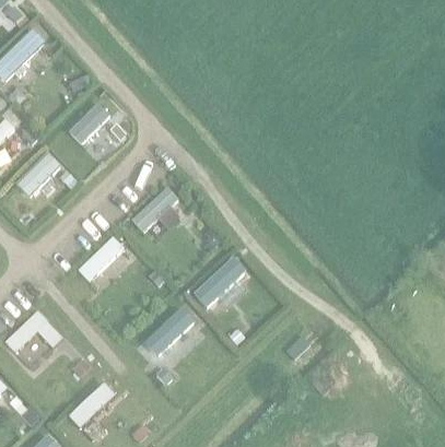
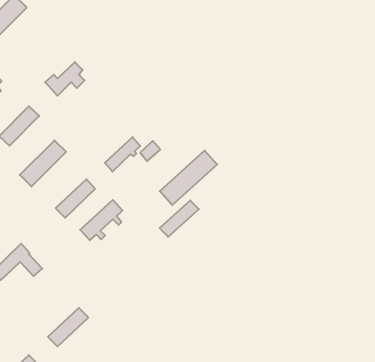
building: none -> [20,140,66,187]
building: none -> [160,150,217,205]
building: [143,308,191,354] -> [80,200,122,240]

